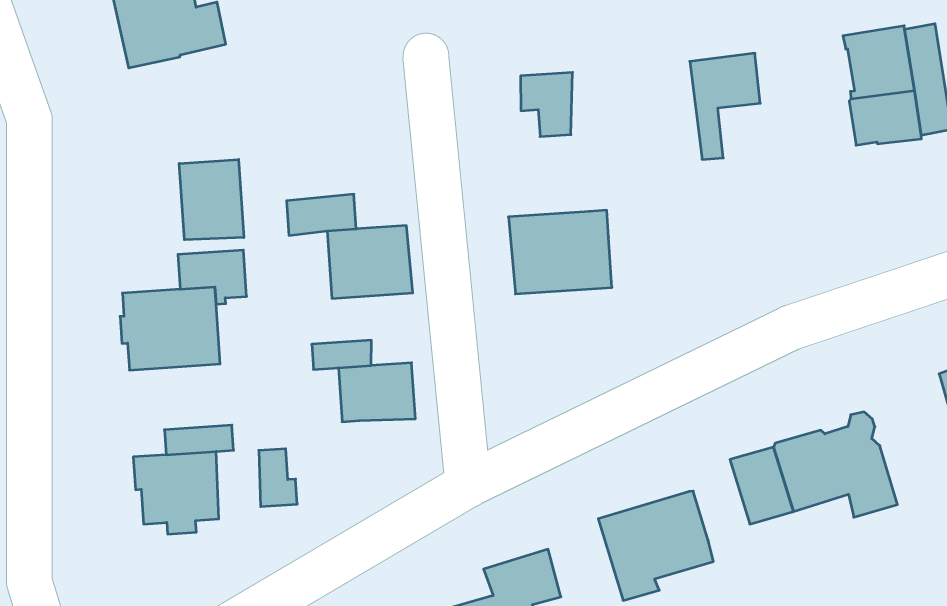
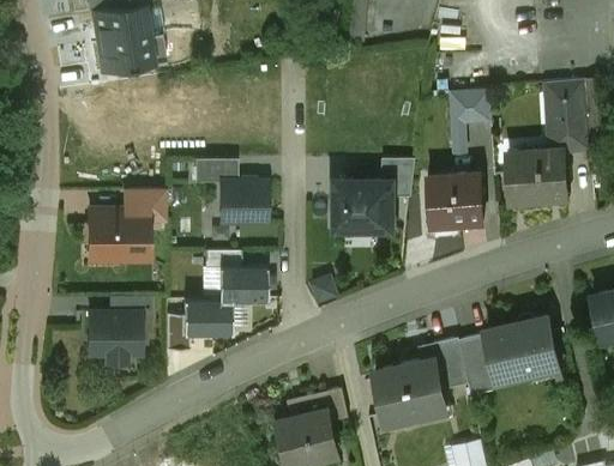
building: [521,72,573,137] -> [381,159,415,198]
building: none -> [508,150,566,199]
building: [179,159,244,240] -> none
building: none -> [427,173,483,225]
building: none -> [183,301,230,334]
building: none -> [428,338,468,389]

